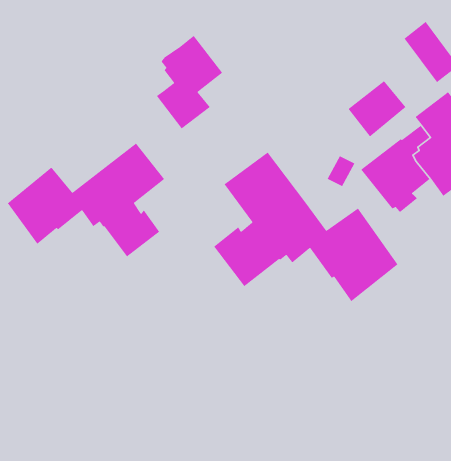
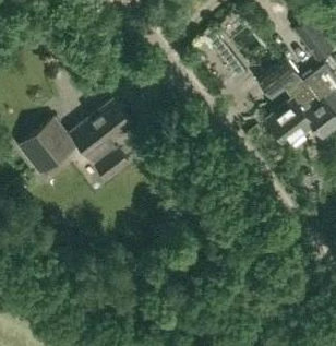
building: [156,35,223,129] -> none
building: [213,152,399,302] -> none

